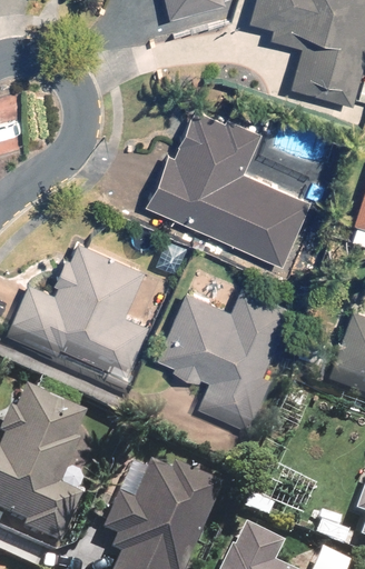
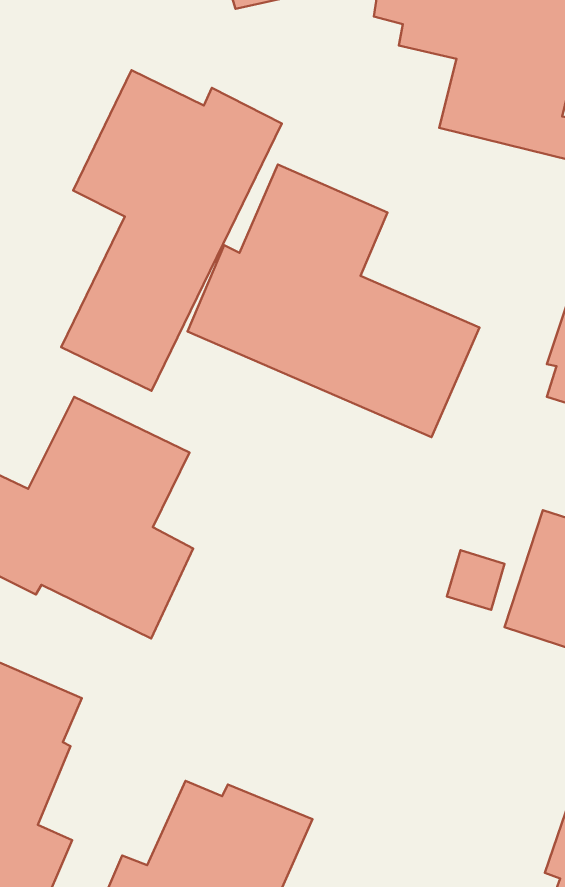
building: none -> [61,70,282,391]
building: [156,287,290,431] -> none

